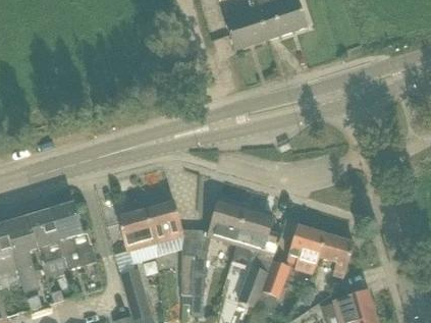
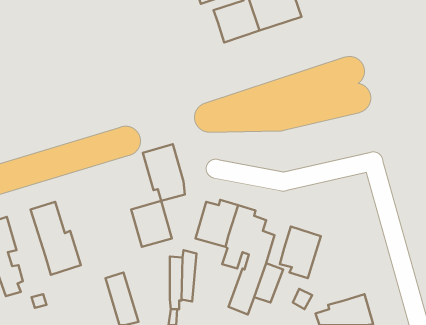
building: [26,208,63,260] -> none
building: [116,208,156,262] -> [143,144,185,201]
building: [318,233,354,276] -> none

